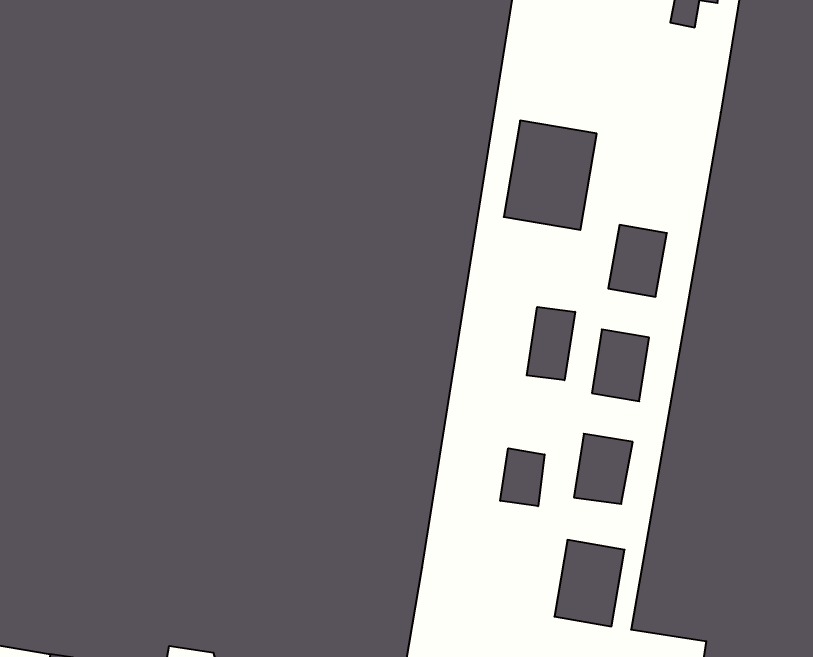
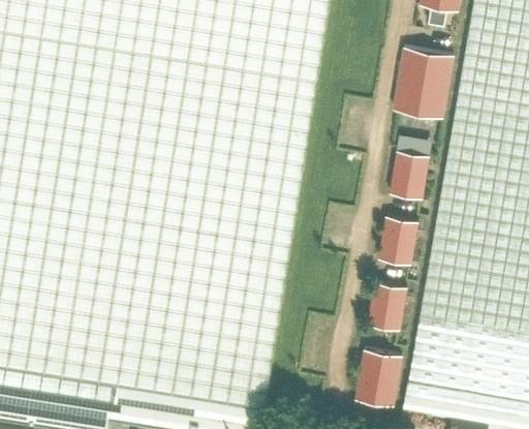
building: [504,121,597,230] -> [394,45,453,115]
building: [527,307,575,380] -> none
building: [500,448,545,506] -> none

